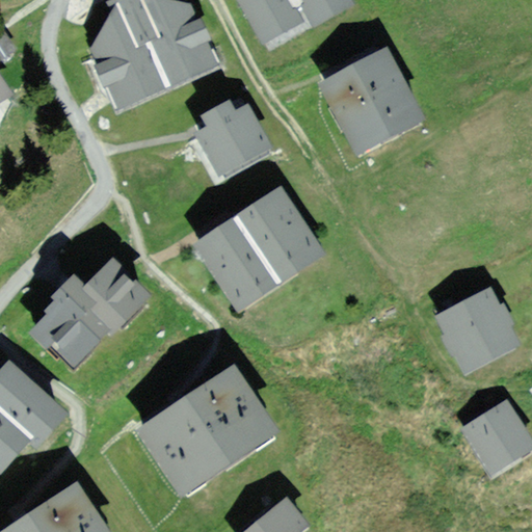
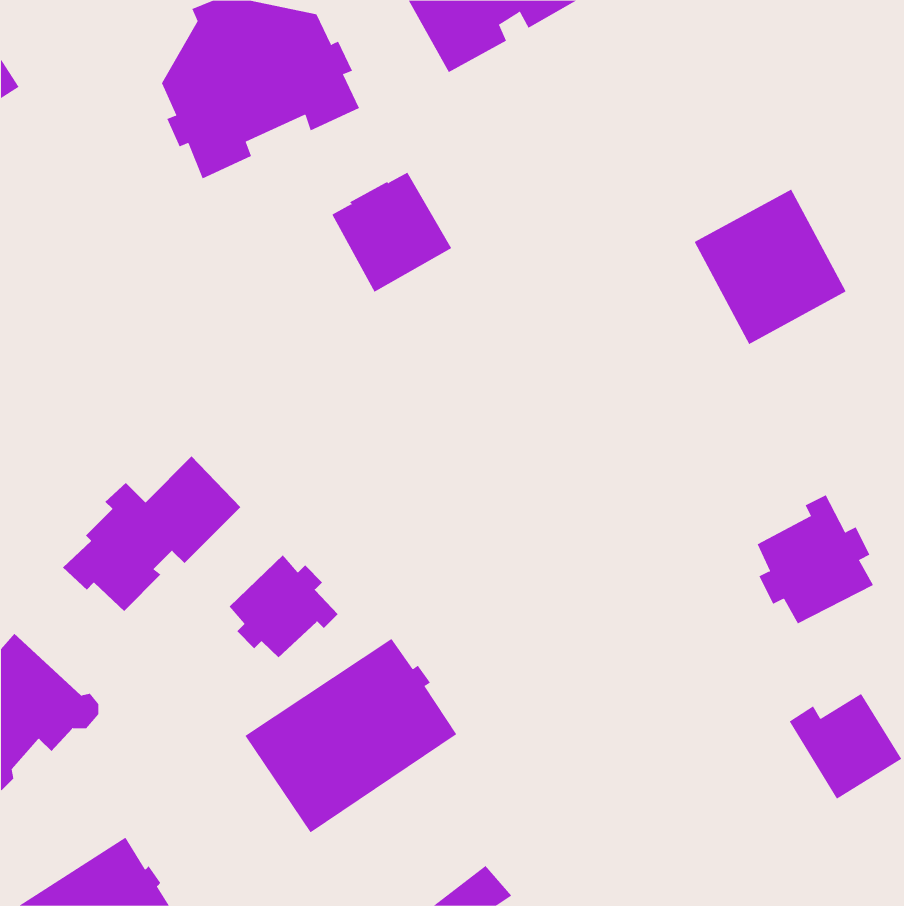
building: [327,58,417,150] -> [694,189,846,345]
building: [201,196,313,302] -> none
building: none -> [229,555,339,658]

